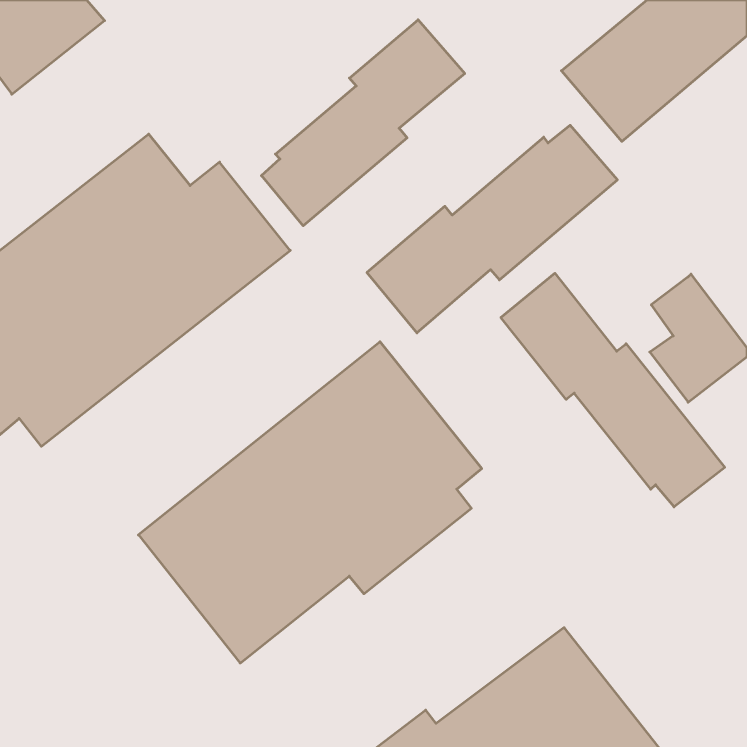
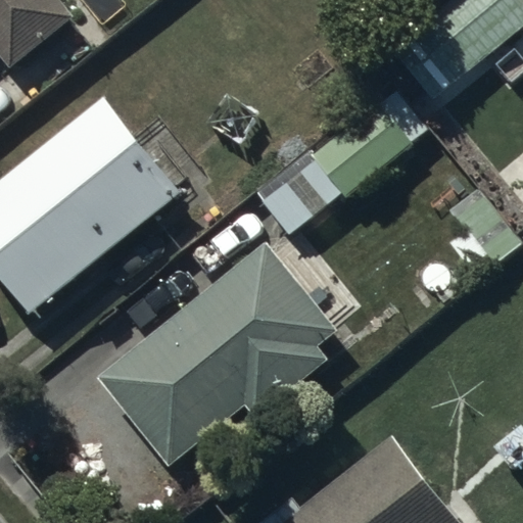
building: [261,20,465,226] -> none
building: [501,273,725,507] -> none

